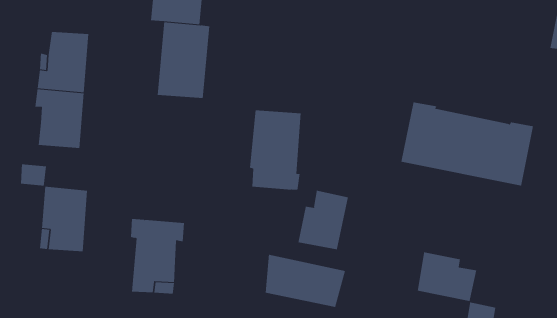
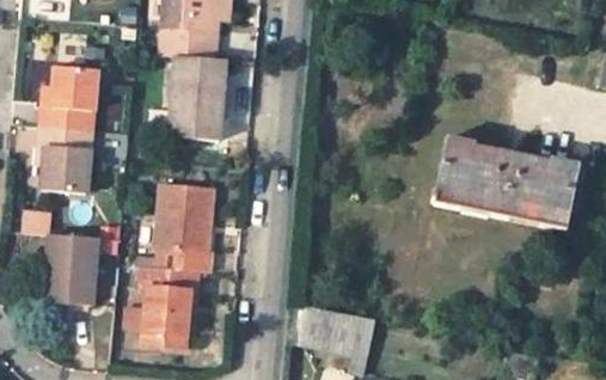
building: [249,110,302,190] -> [155,184,212,270]
building: [298,190,348,250] -> none
building: [417,252,477,302] -> none

